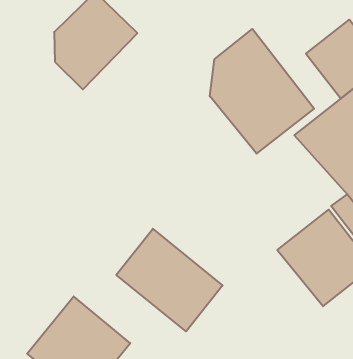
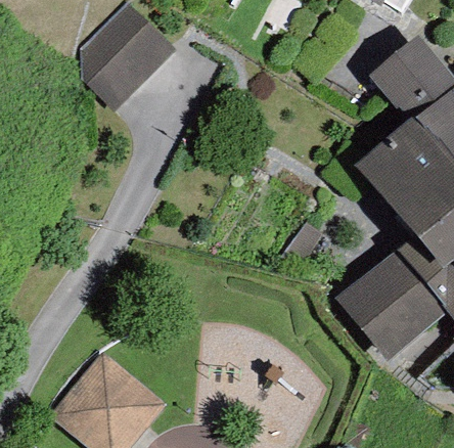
building: [210,29,314,154] -> none
building: [116,229,223,331] -> none

